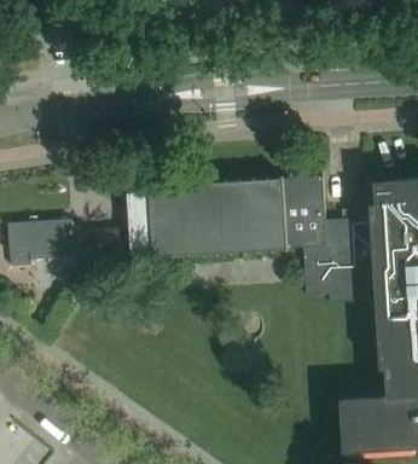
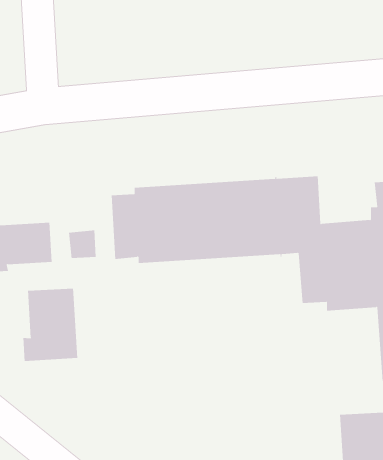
building: none -> [23,288,78,362]

